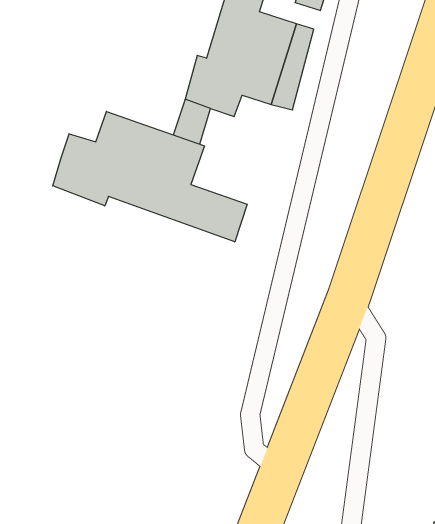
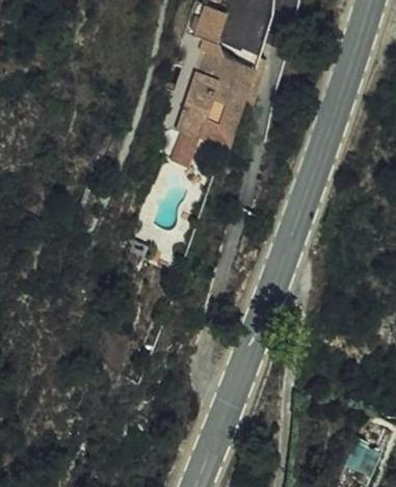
building: [53,111,247,242] -> none

